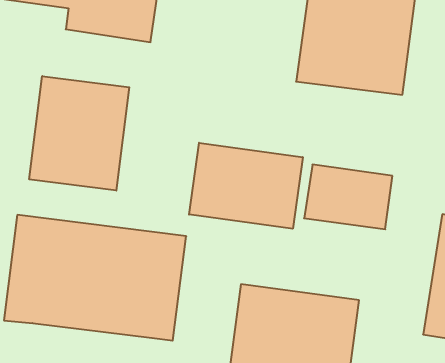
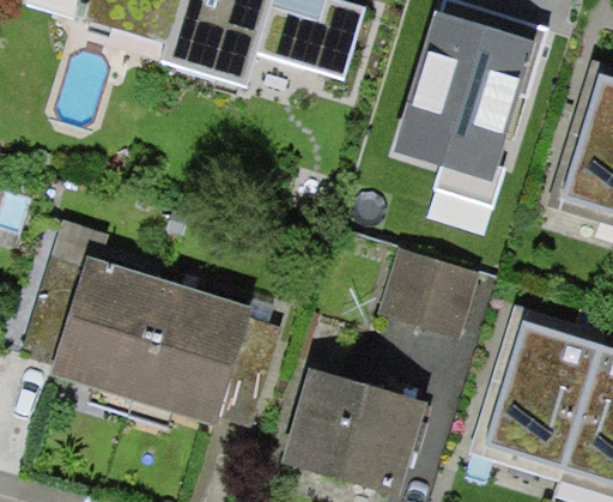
building: [29,76,129,191] -> none
building: [189,143,303,229] -> none

